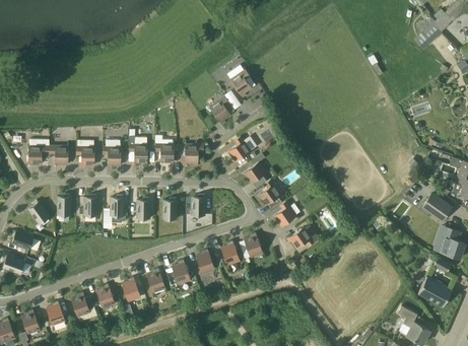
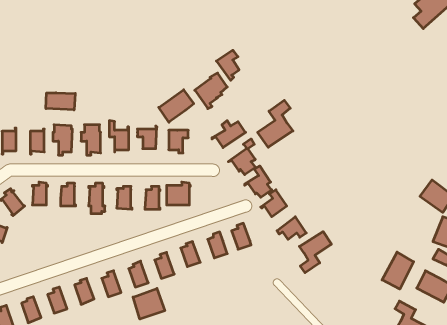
building: none -> [159,90,194,122]
building: none -> [46,93,75,110]
building: none -> [258,100,293,147]
building: none -> [299,232,331,273]
building: none -> [382,252,414,289]
building: none -> [133,288,165,319]

